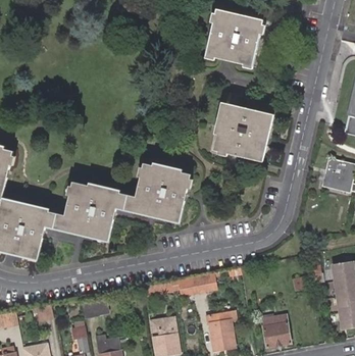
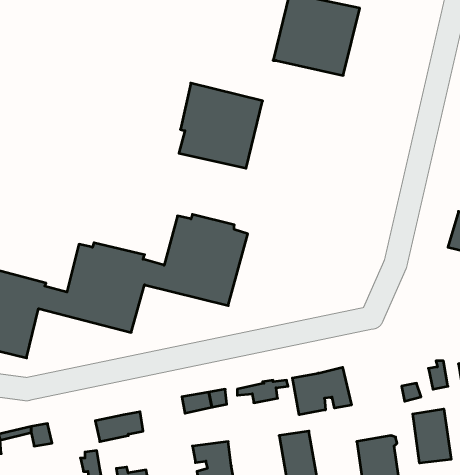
building: [213,105,270,163] -> [179,83,263,168]
building: none -> [292,367,351,415]
building: none -> [413,409,451,463]

